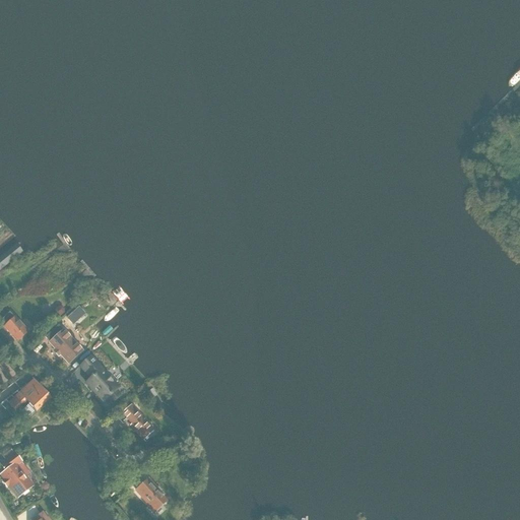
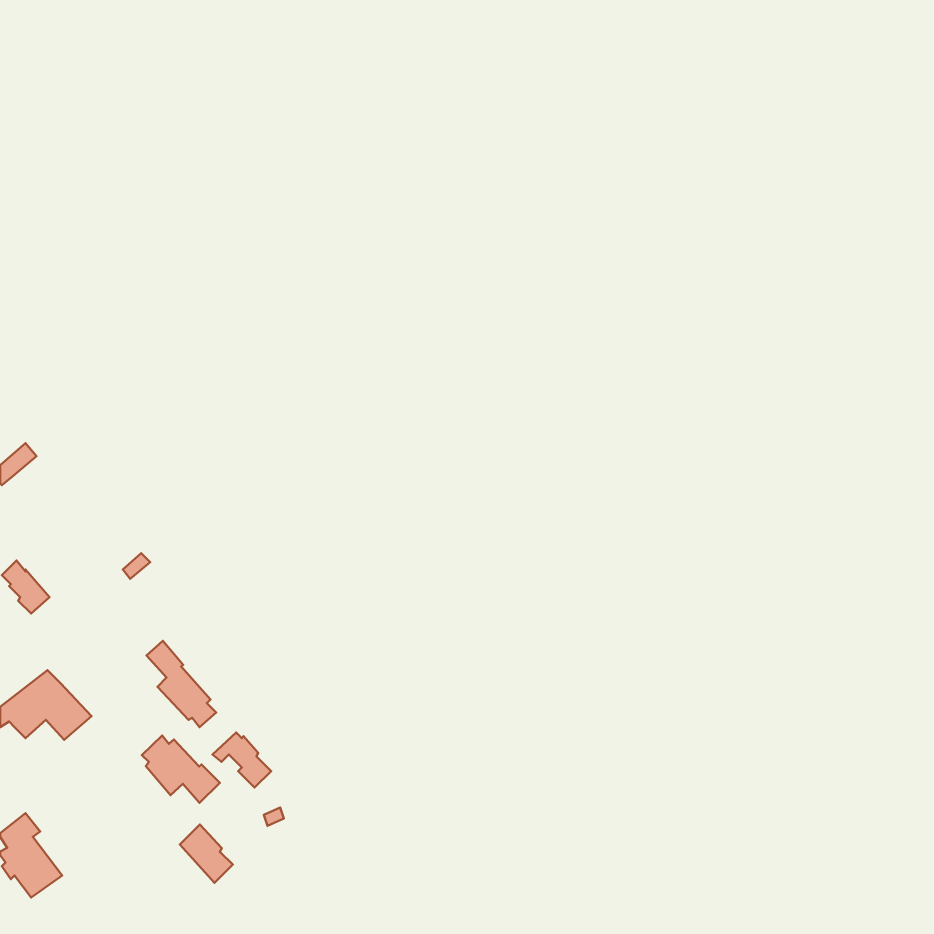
building: [46,324,84,364] -> none
building: none -> [142,735,220,803]
building: [137,478,167,511] -> [180,824,233,883]

